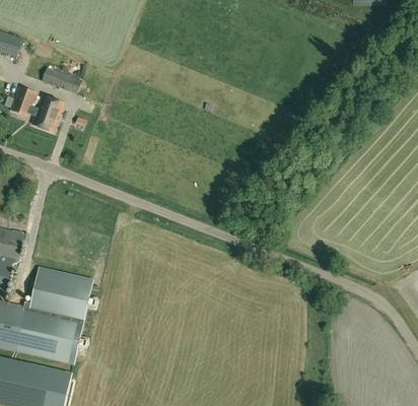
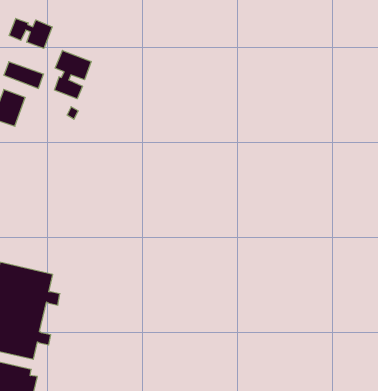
building: none -> [9,18,52,48]
building: none -> [55,50,91,99]

